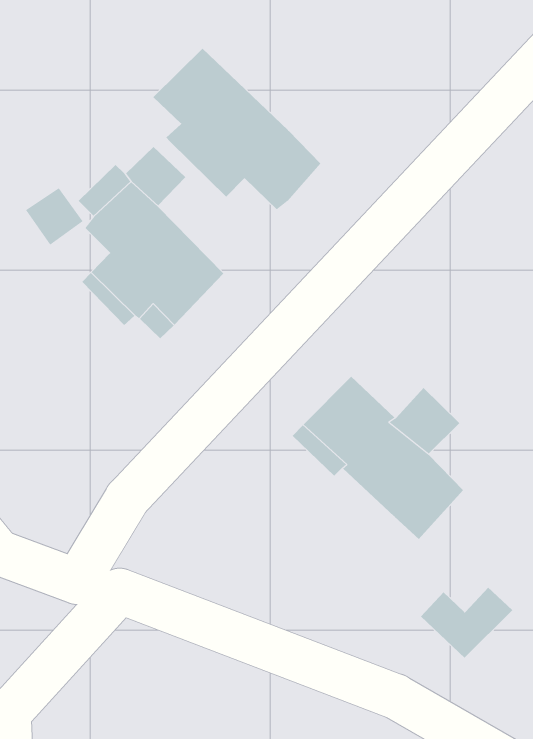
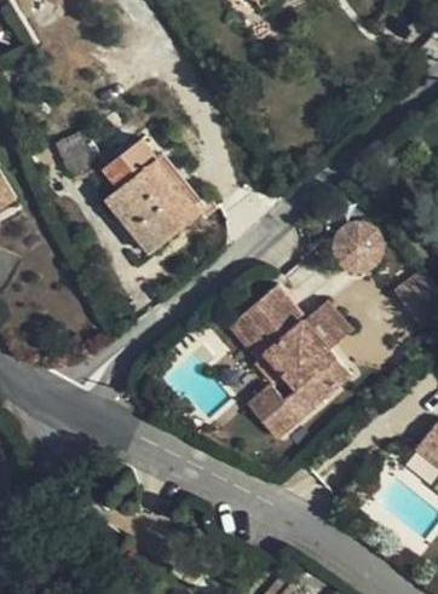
building: [152,48,321,210] -> none
building: none -> [321,214,385,278]
building: [420,587,513,659] -> [247,392,312,440]

